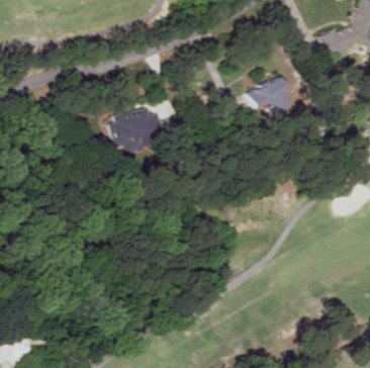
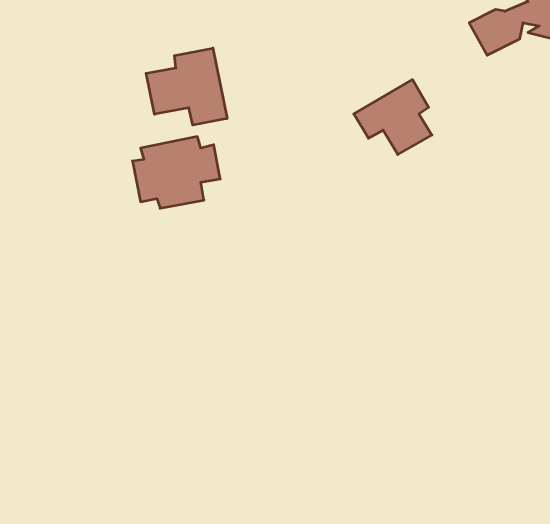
building: none -> [146,48,227,125]

